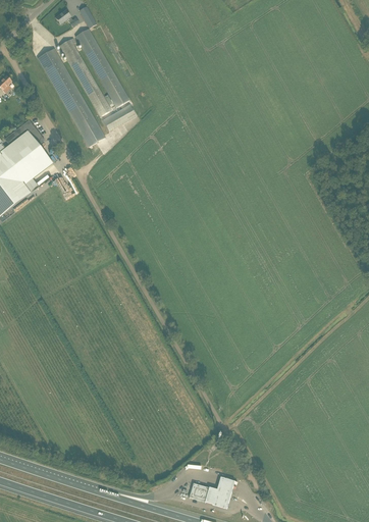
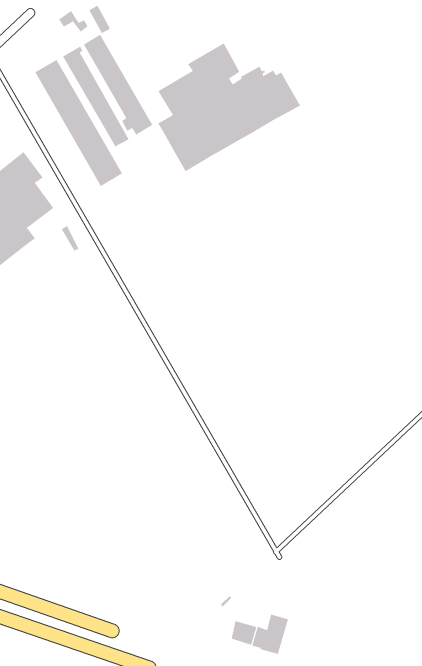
building: none -> [157,42,301,172]

